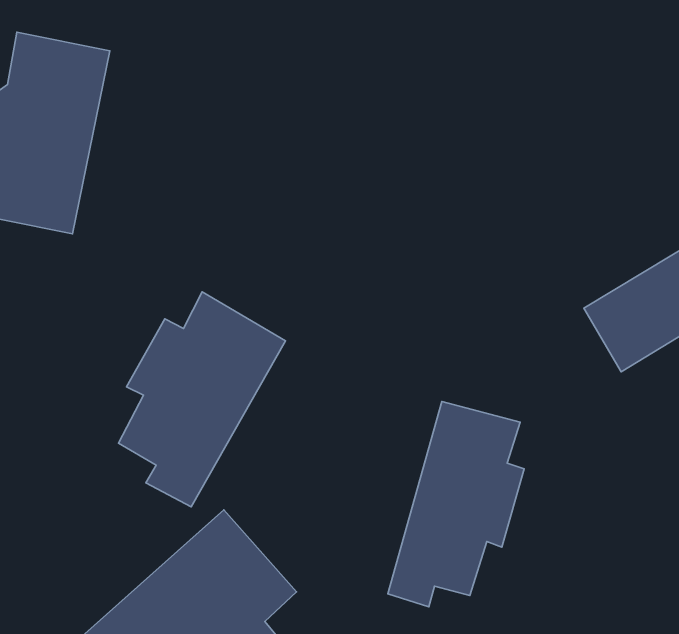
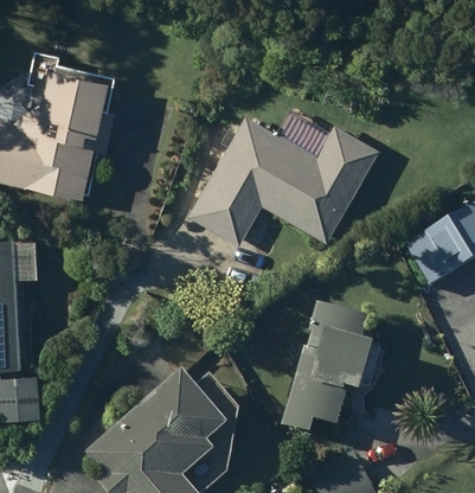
building: none -> [190,115,379,244]
building: [118,292,285,507] -> none

